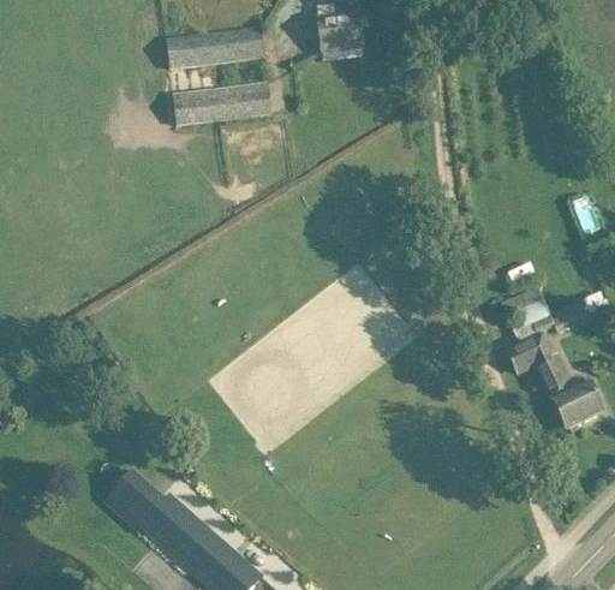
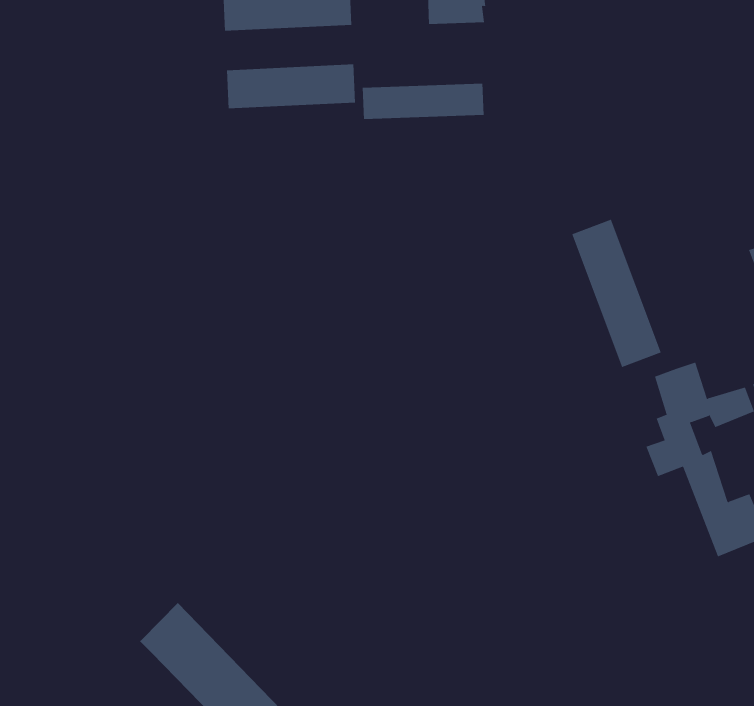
building: none -> [362,83,484,120]
building: none -> [572,219,661,368]

